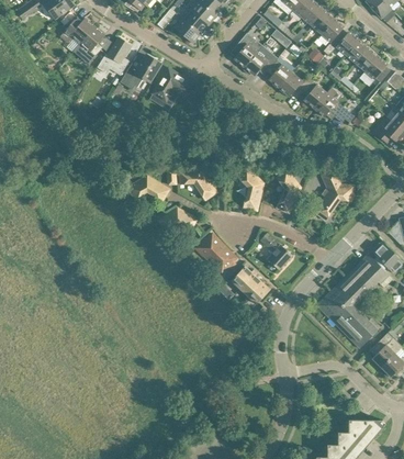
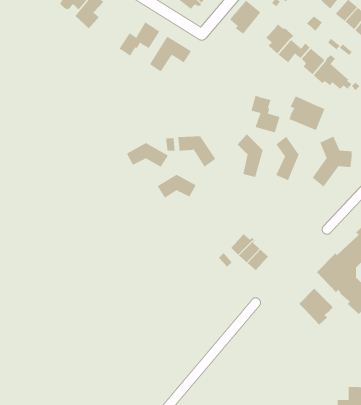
building: [98,38,131,74] -> none
building: [244,46,278,76] -> none
building: none -> [251,95,280,133]
building: none -> [289,95,325,131]
building: [260,233,292,270] -> none
building: [194,234,236,277] -> none
building: none -> [298,288,333,325]

